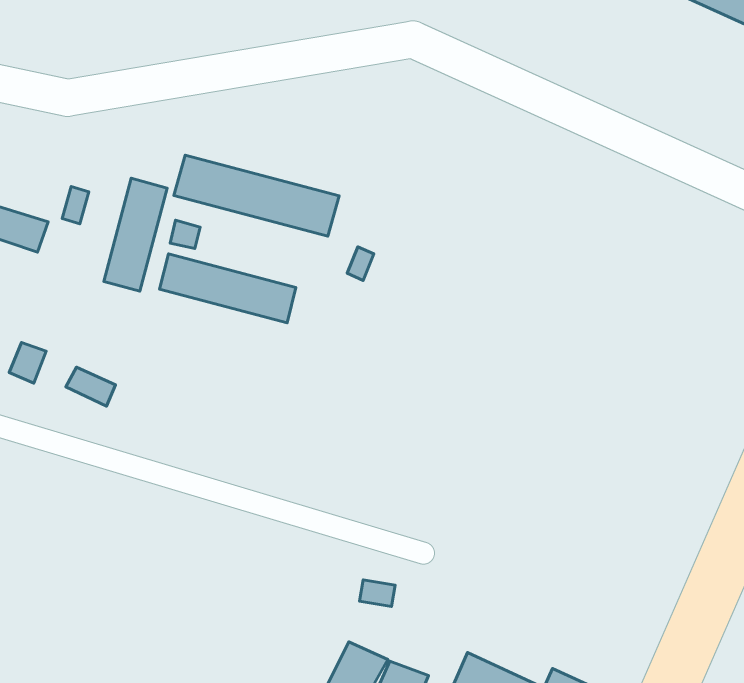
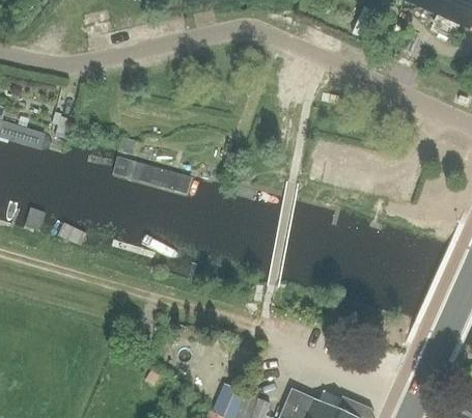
building: [174,155,339,236] -> none
building: [104,178,167,291] -> none

